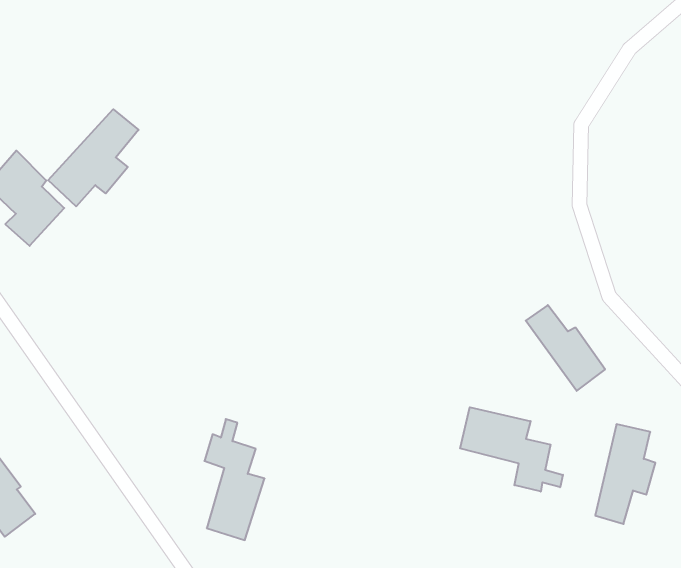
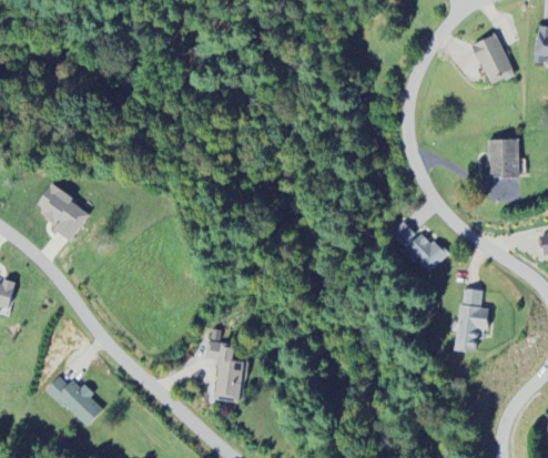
building: [48,109,139,206] -> none
building: [460,407,563,492] -> none

